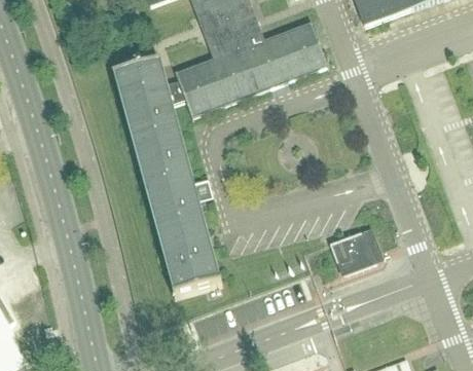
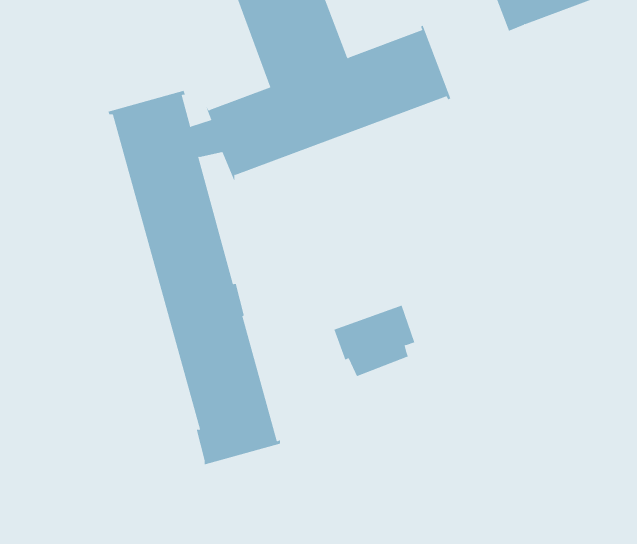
building: [328,227,379,272] -> [333,305,415,377]

